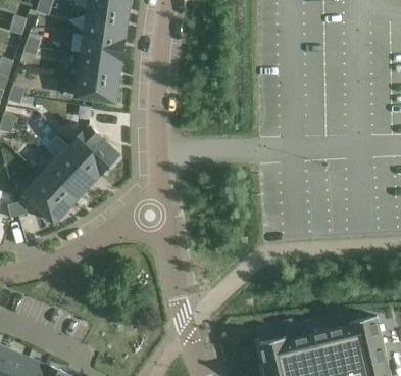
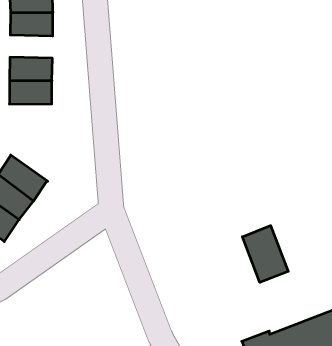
building: [82,34,124,60] -> none
building: [70,127,117,174] -> none
building: none -> [242,226,288,282]

